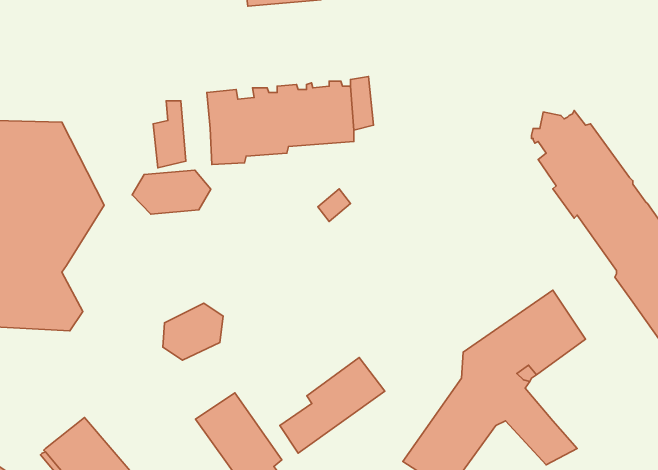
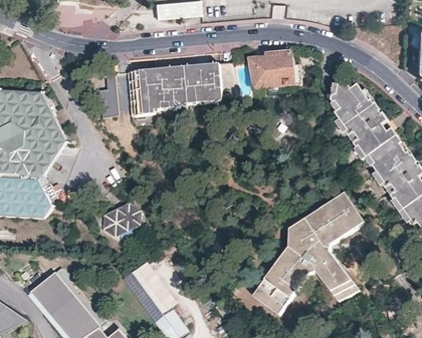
building: none -> [248,52,295,89]
building: [132,170,211,214] -> none
building: [280,358,385,453] -> none

